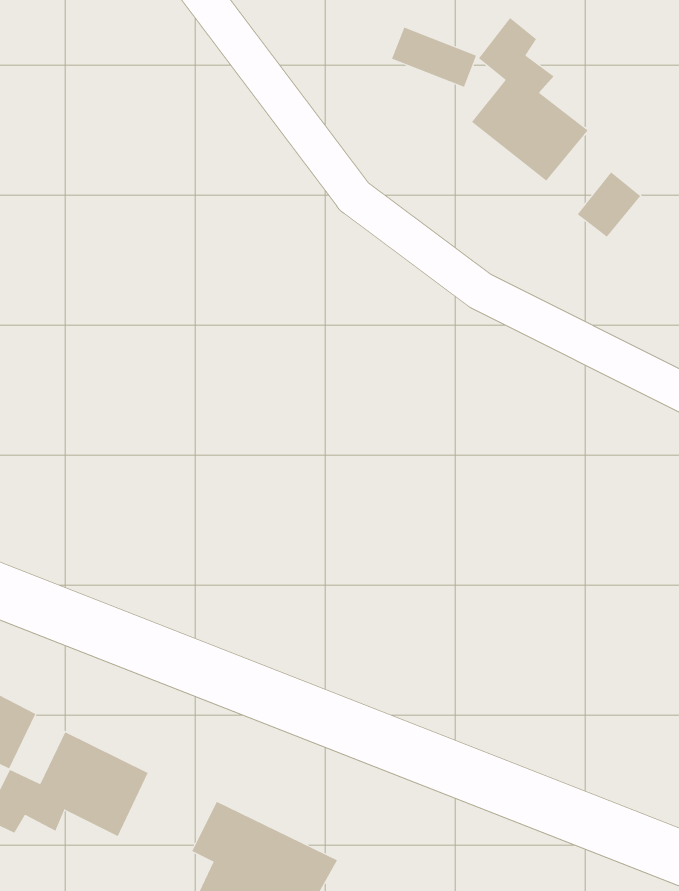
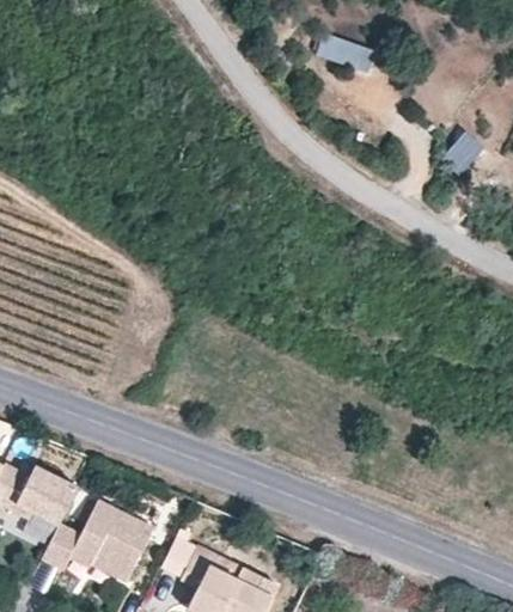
building: [471,17,588,182] -> none

